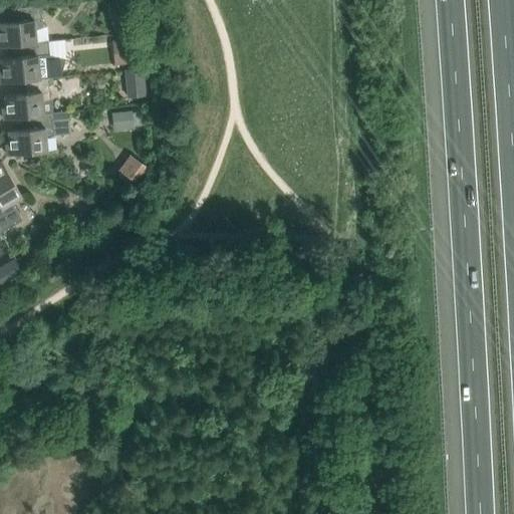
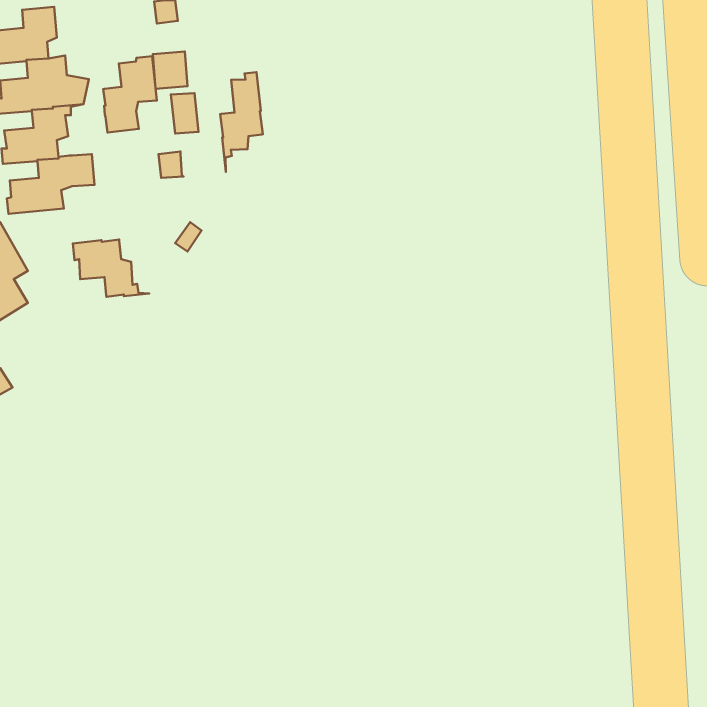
building: none -> [103,56,157,132]
building: none -> [220,72,263,172]
building: none -> [73,239,149,297]

